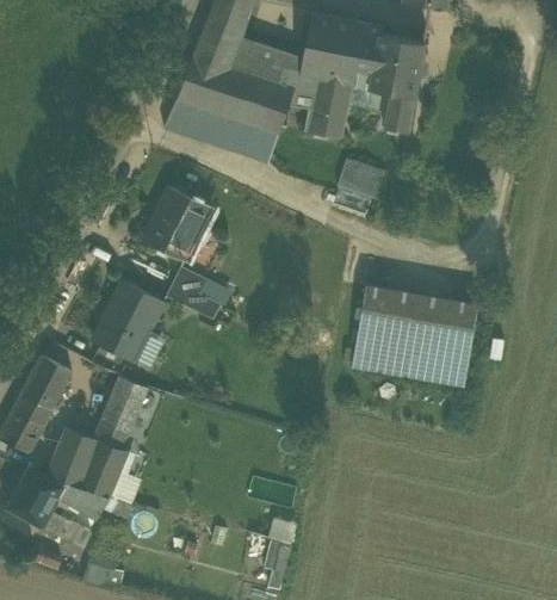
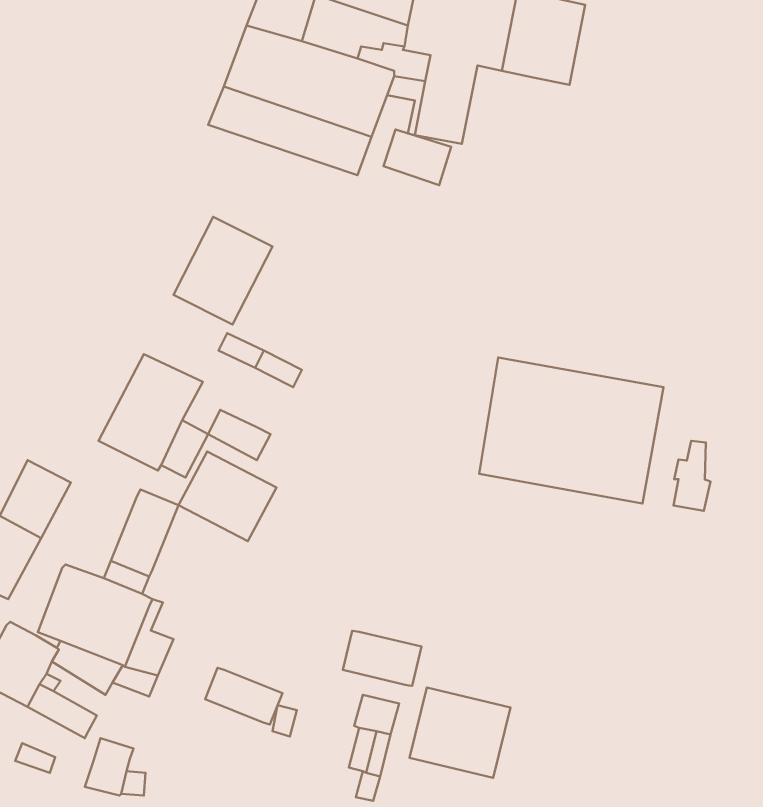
building: [383,93,414,135] -> none
building: [338,161,384,199] -> [383,130,451,185]
building: [165,280,208,315] -> [208,410,271,460]
building: none -> [673,441,710,511]
building: none -> [179,451,276,541]
building: none -> [343,631,422,686]
building: none -> [205,668,282,725]
building: none -> [409,688,510,778]

